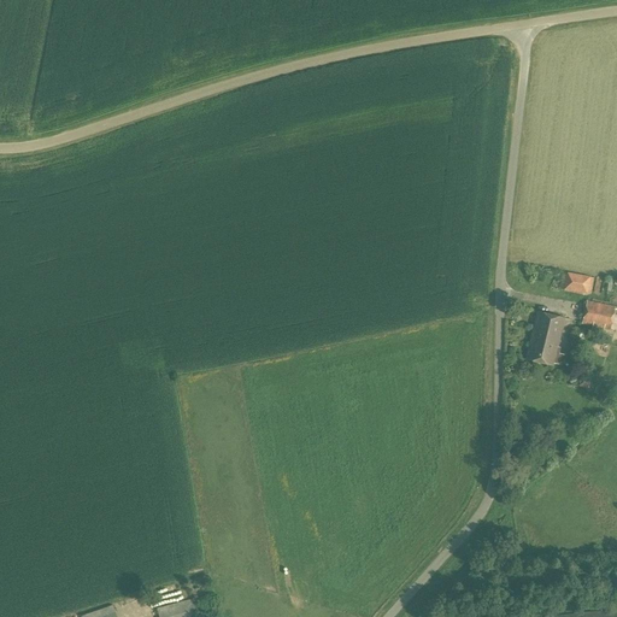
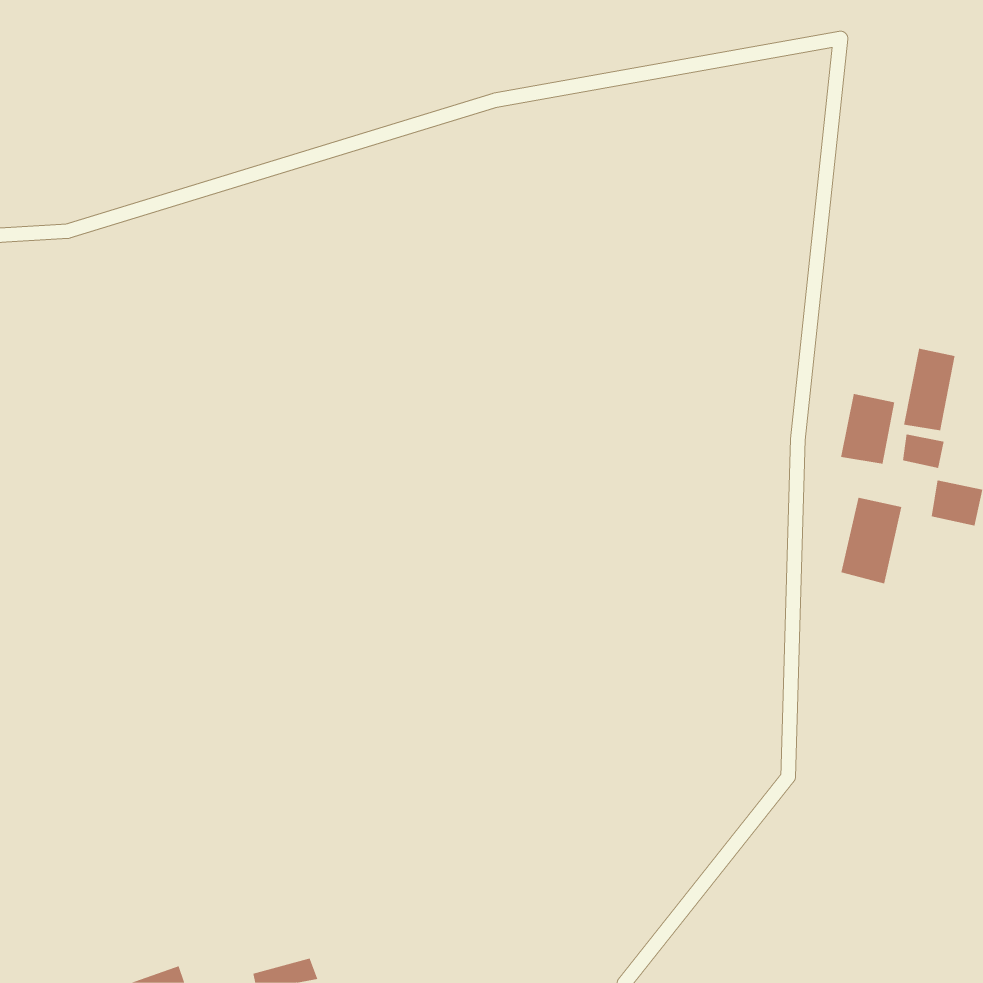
building: none -> [903,348,955,431]
building: none -> [841,393,895,465]

